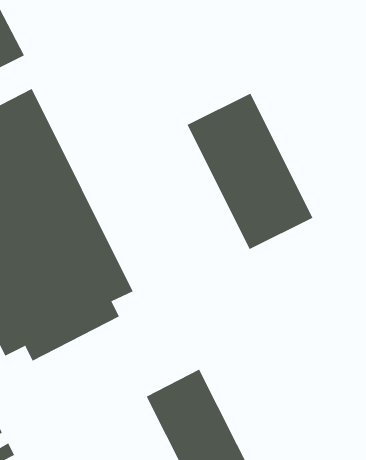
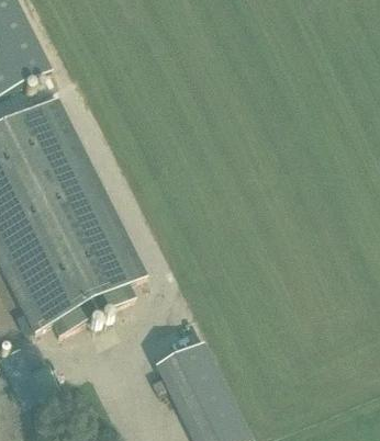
building: [187,93,313,250] -> none

